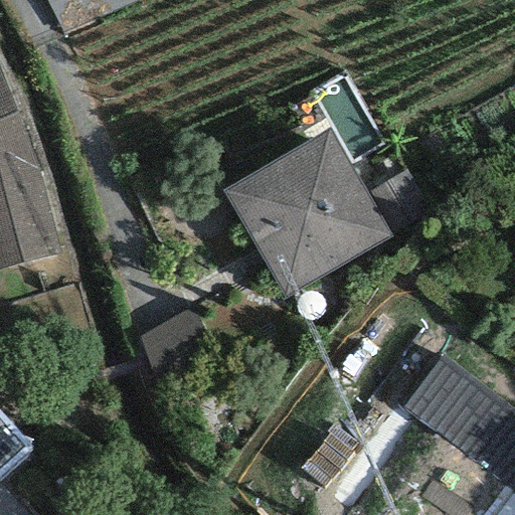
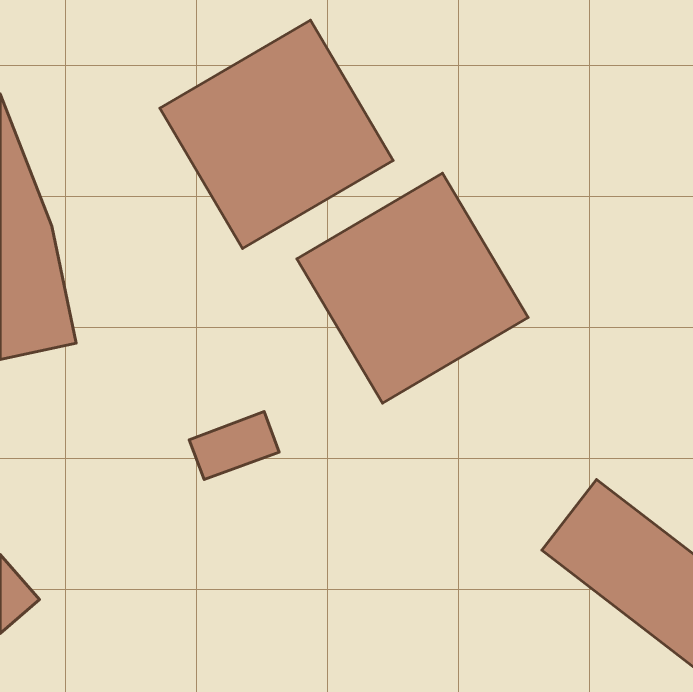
building: none -> [160,20,393,249]

